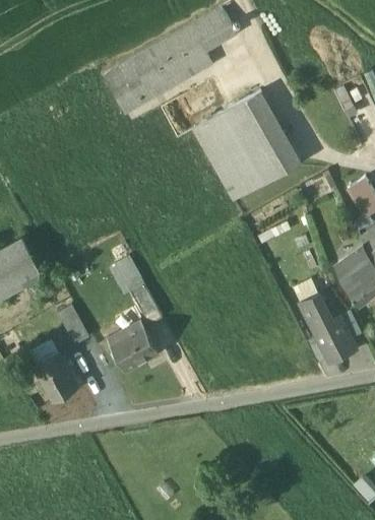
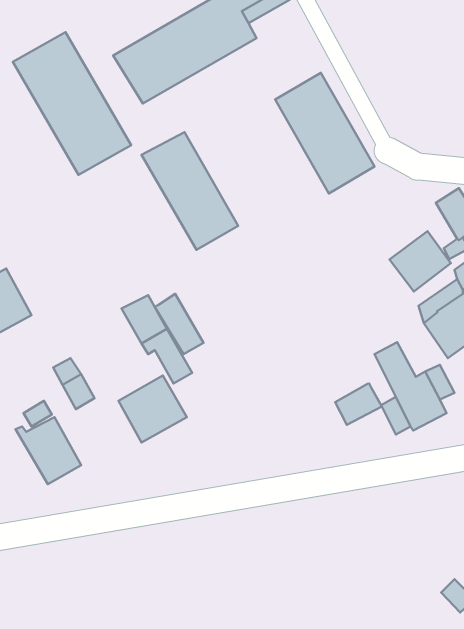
building: none -> [13,32,131,175]
building: [193,111,266,200] -> [142,132,238,250]
building: none -> [389,231,451,292]
building: none -> [155,294,203,354]
building: none -> [335,383,382,425]

